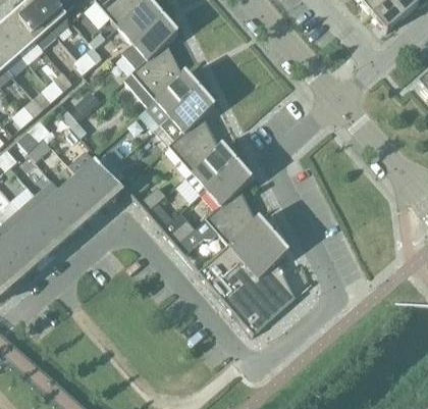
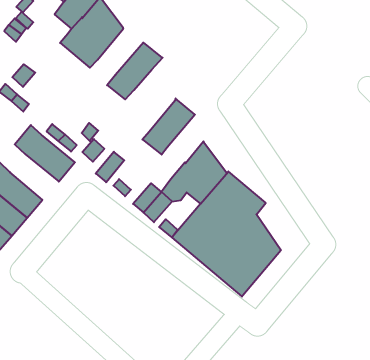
building: [146,71,200,122] -> none
building: [169,114,220,170] -> none
building: [207,161,252,204] -> none
building: [61,173,104,217] -> none

